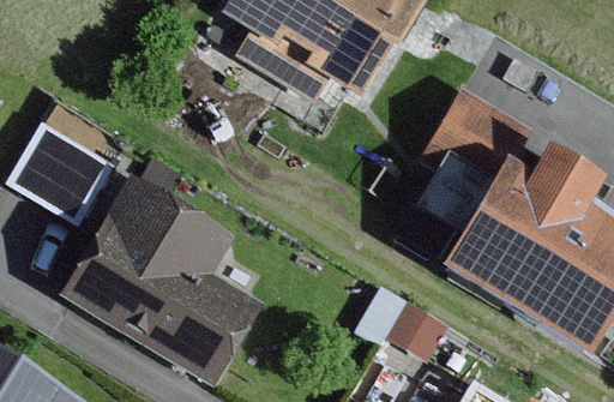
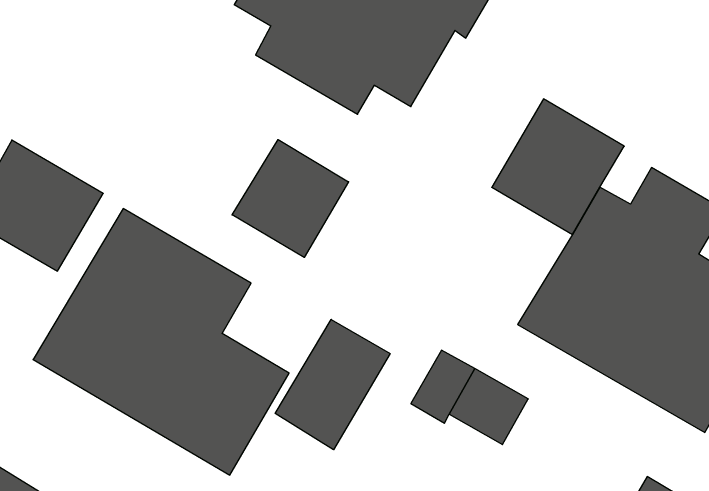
building: none -> [232,140,349,257]
building: none -> [275,319,390,450]

